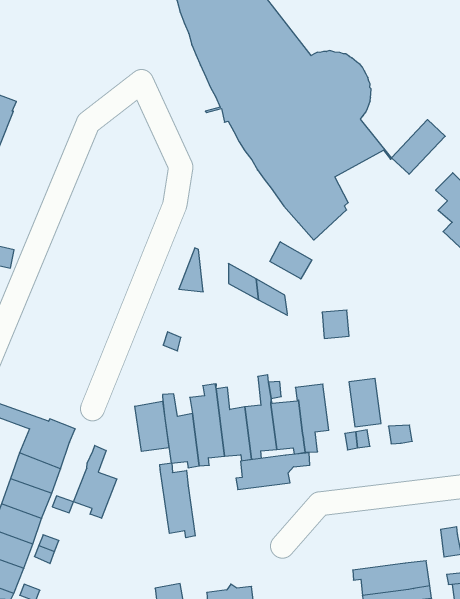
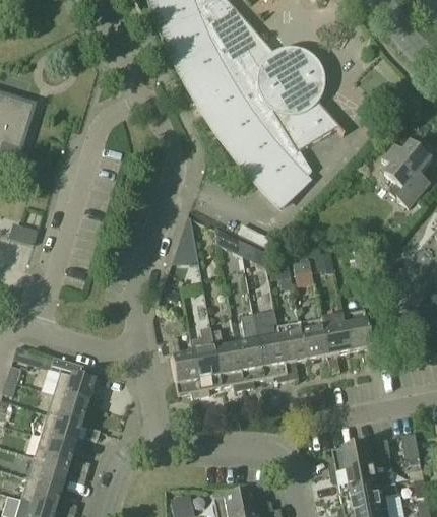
building: [391,120,445,174] -> none
building: [270,242,312,279] -> none
building: none -> [340,311,370,351]
building: none -> [298,319,326,360]
building: [135,401,169,451] -> none
building: [74,445,117,518] -> none
building: [236,453,310,490] -> [329,440,389,473]
building: [160,463,195,538] -> none

